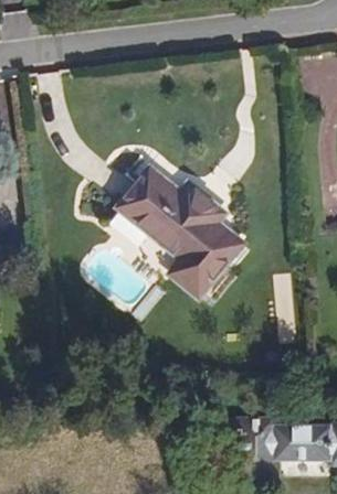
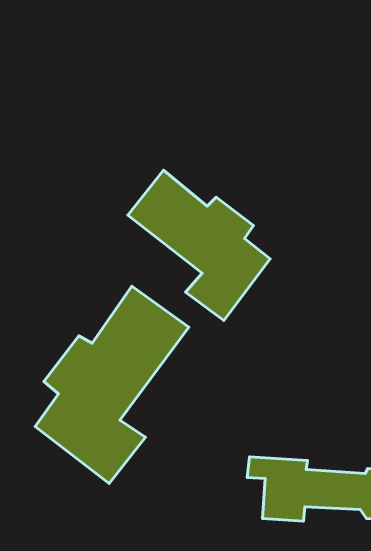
building: none -> [35,286,189,484]

